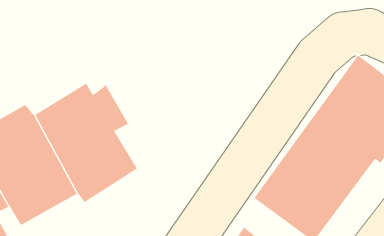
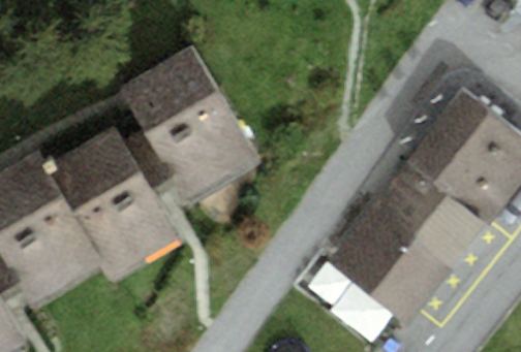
building: none -> [119,45,260,205]

